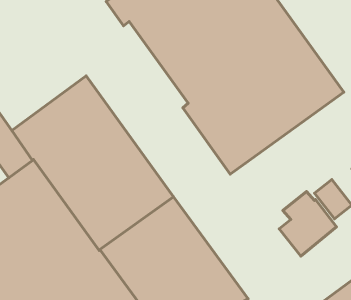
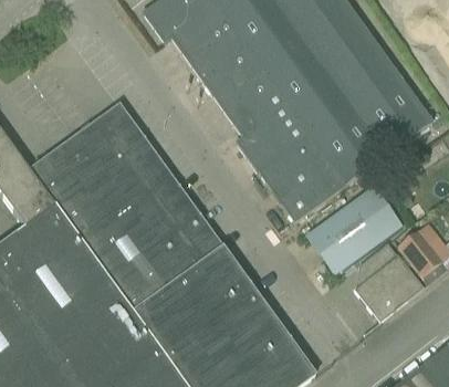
building: none -> [315,185,401,266]

